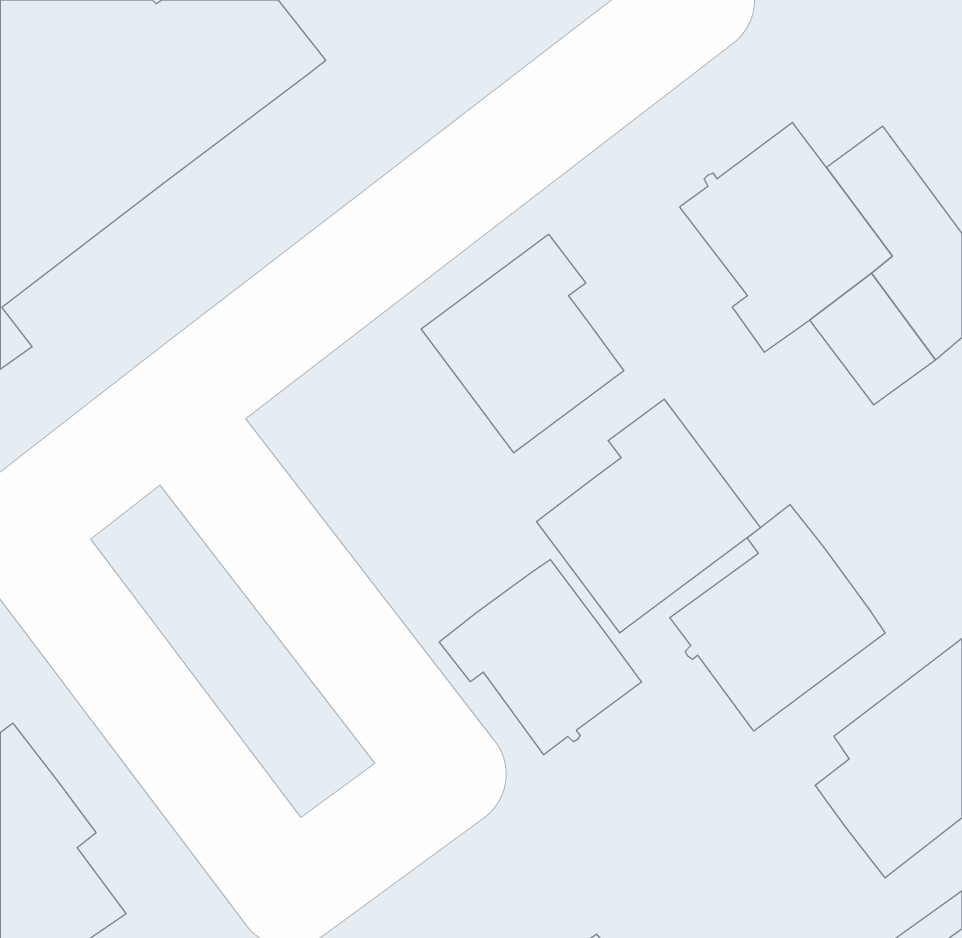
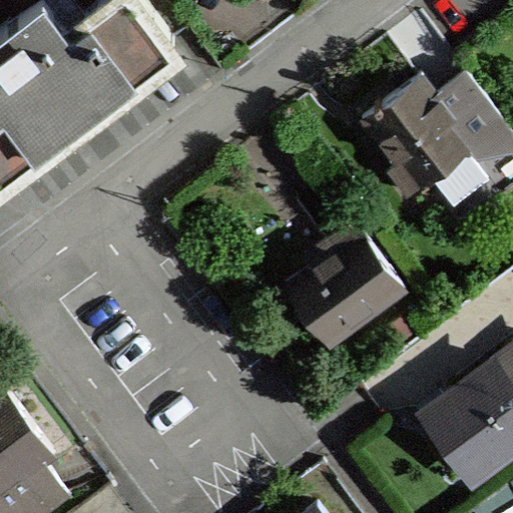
building: [421,234,624,453] -> none
building: [670,504,885,731] -> none
building: [439,559,642,755] -> none

